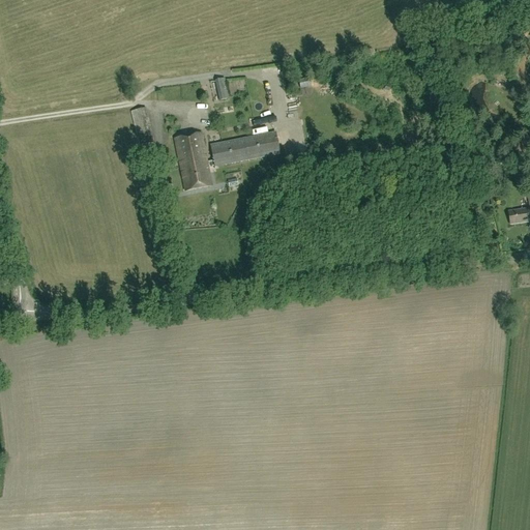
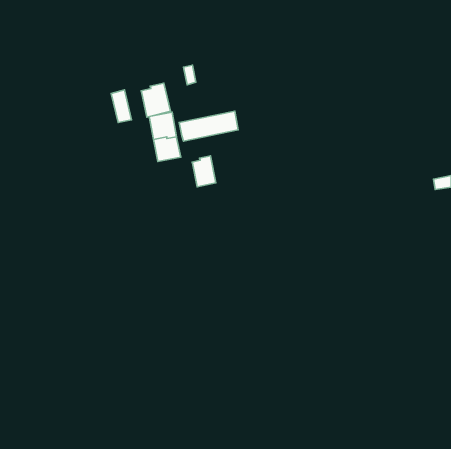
building: none -> [141,83,170,117]
building: none -> [192,156,216,187]

